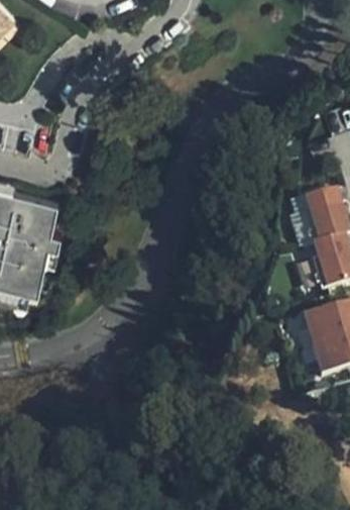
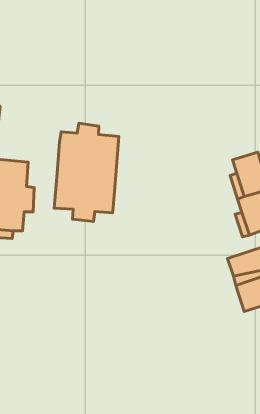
building: none -> [54,123,119,221]

